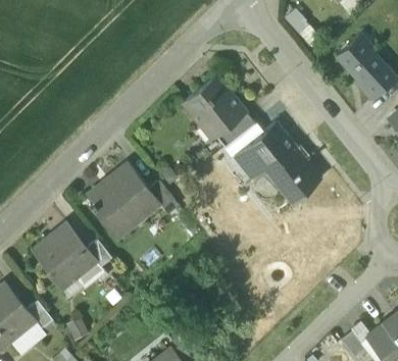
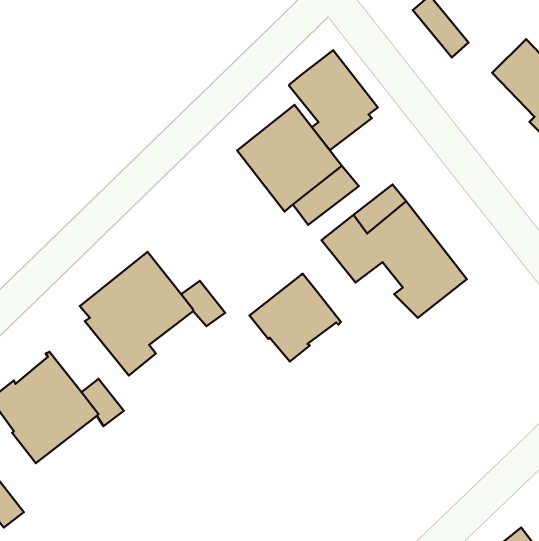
building: none -> [289,50,378,150]
building: none -> [250,274,341,361]

